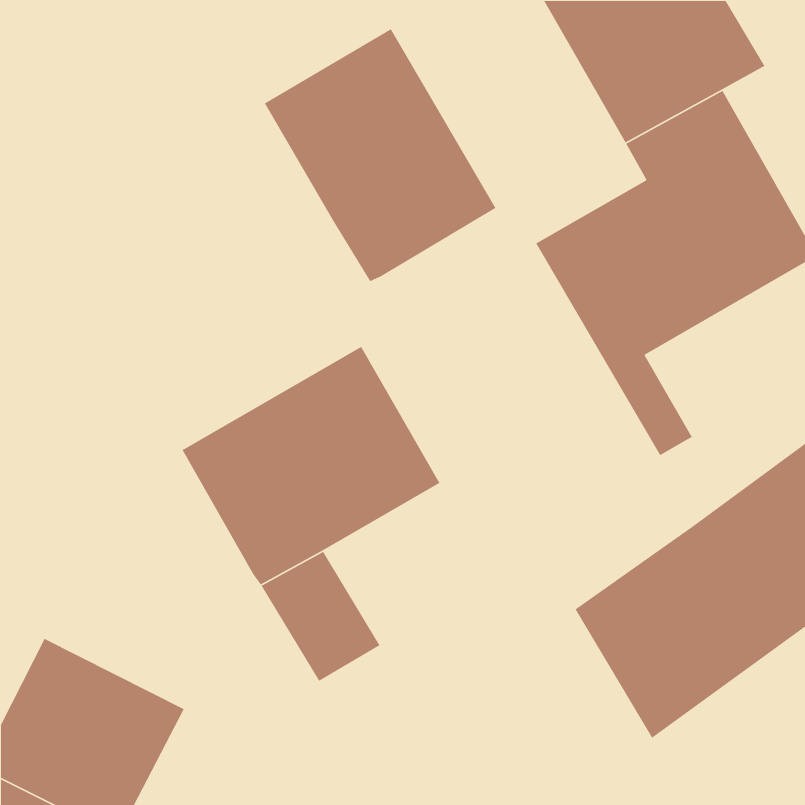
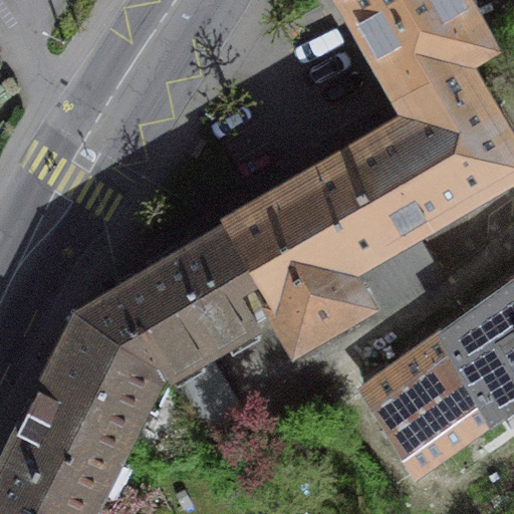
building: [264,28,496,282] -> none
building: none -> [231,156,421,339]
building: none -> [29,287,162,452]

